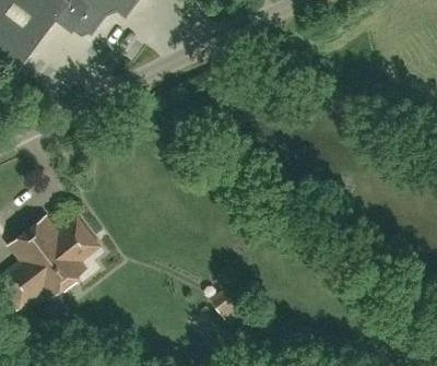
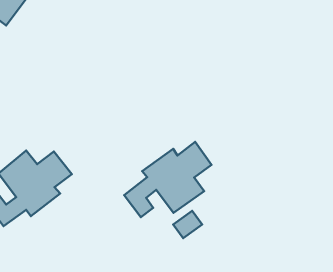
building: none -> [124,142,211,217]

